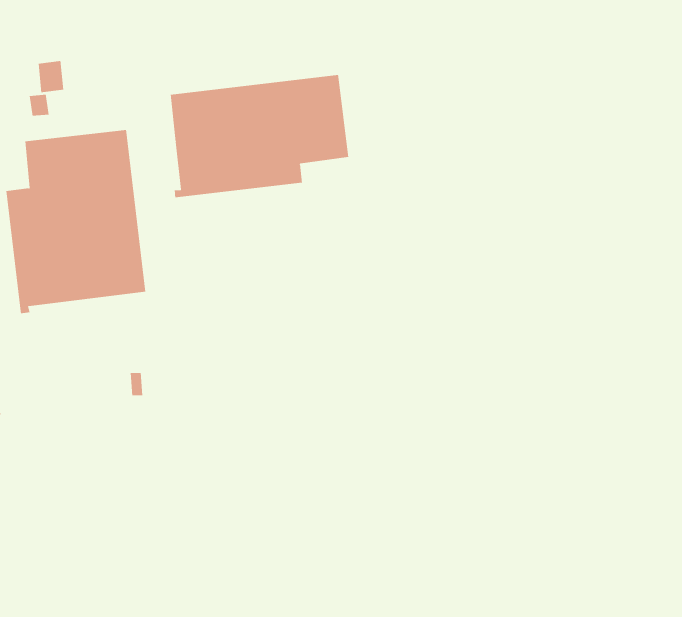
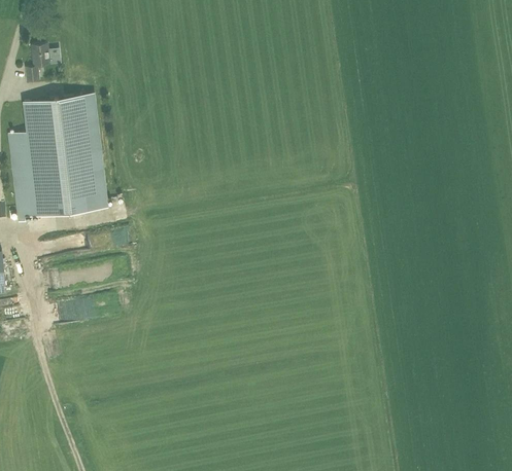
building: [170,74,349,198] -> none

